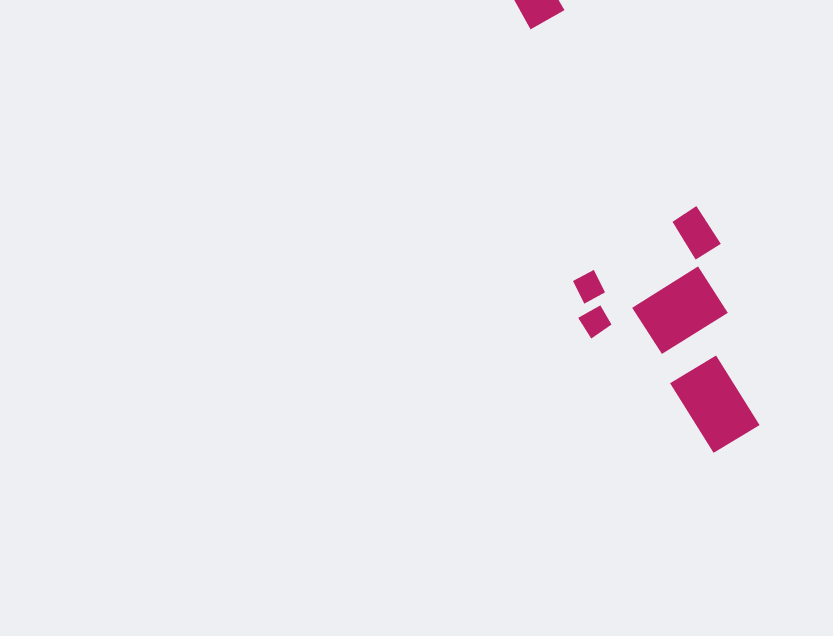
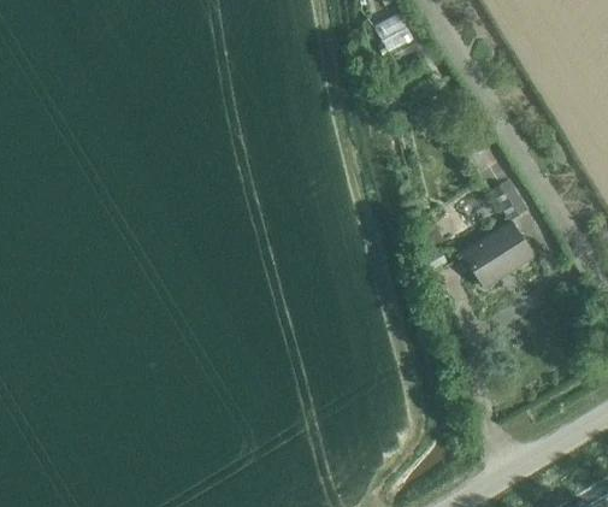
building: [669,354,761,454] -> none

